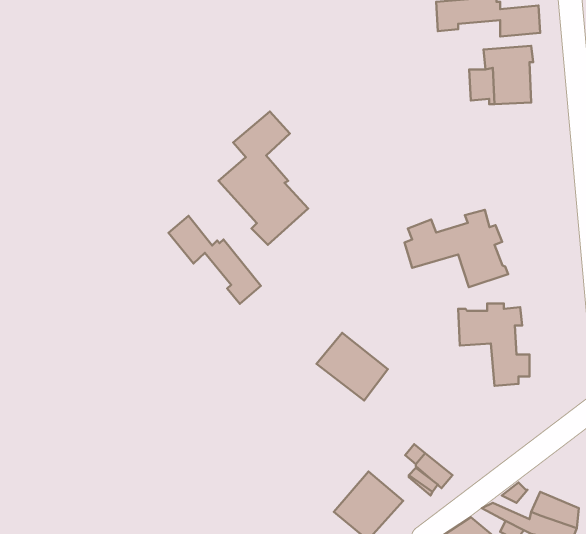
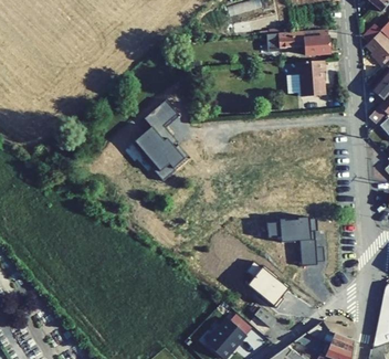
building: [405,210,508,287] -> none
building: [169,216,261,304] -> none
building: [317,333,388,400] -> [248,266,291,307]

